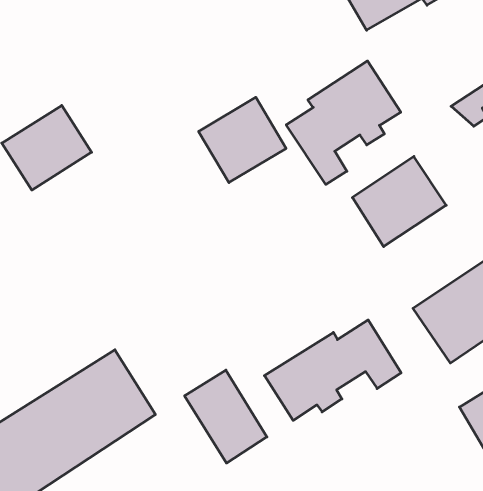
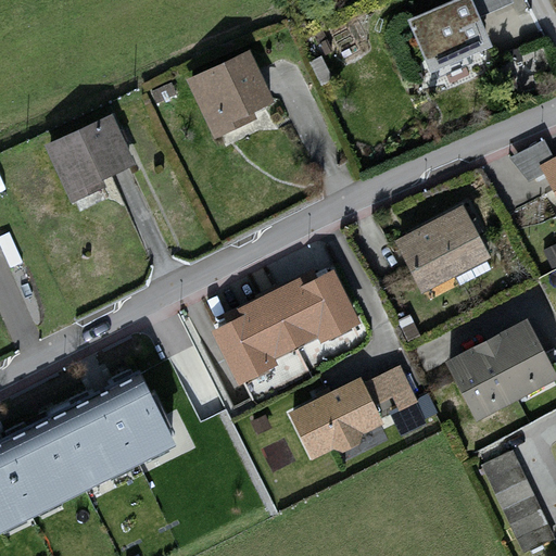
building: [286,61,401,184] -> none
building: [199,97,286,183] -> [189,54,276,138]
building: none -> [213,271,363,386]
building: [185,370,267,463] -> none

